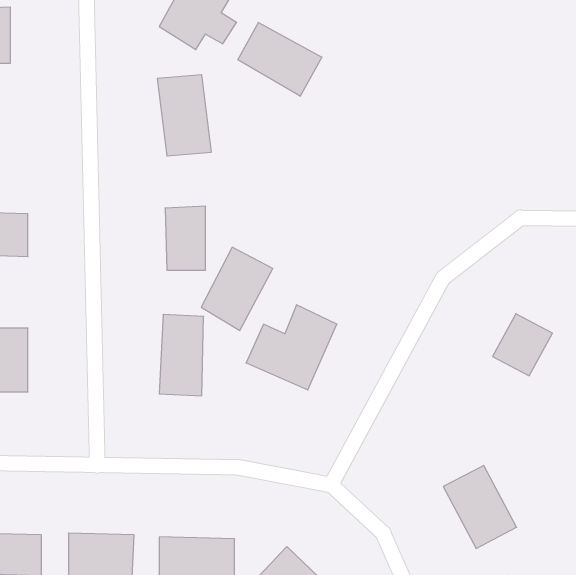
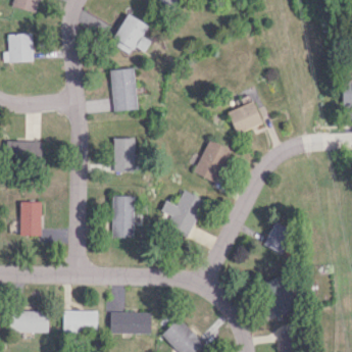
building: [238,22,322,96] -> none
building: none -> [229,101,262,134]
building: [201,247,273,330] -> [194,140,232,184]
building: [493,314,552,376] -> [263,222,295,255]

